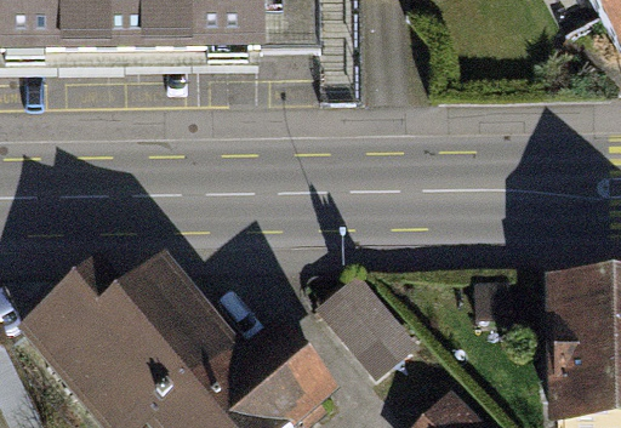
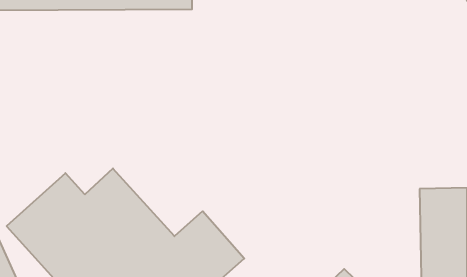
building: [312,275,412,378] -> none

